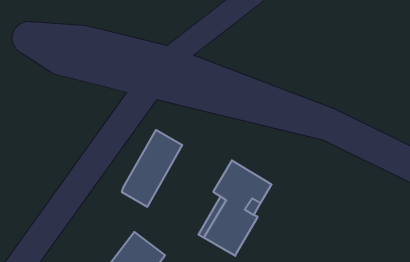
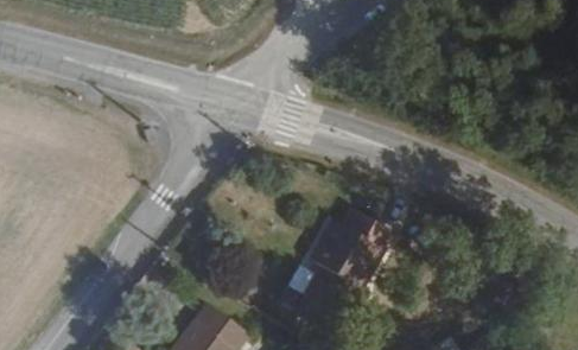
building: [122,130,182,207] -> none

